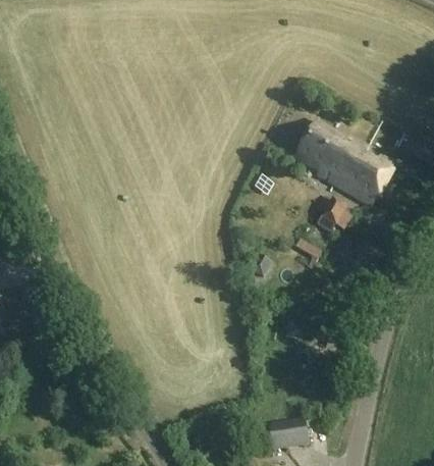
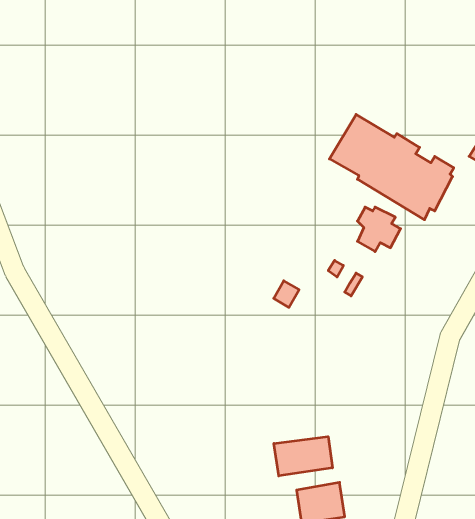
building: none -> [274,437,332,476]

